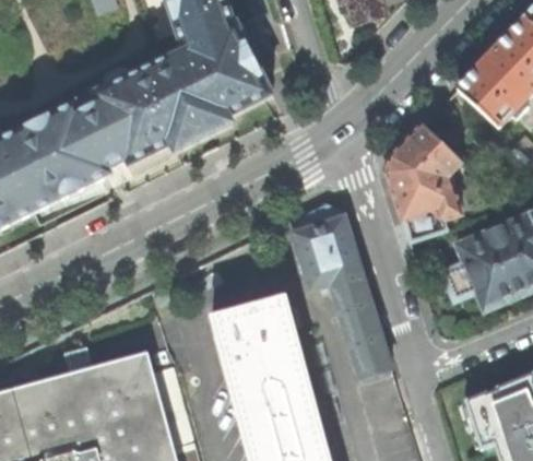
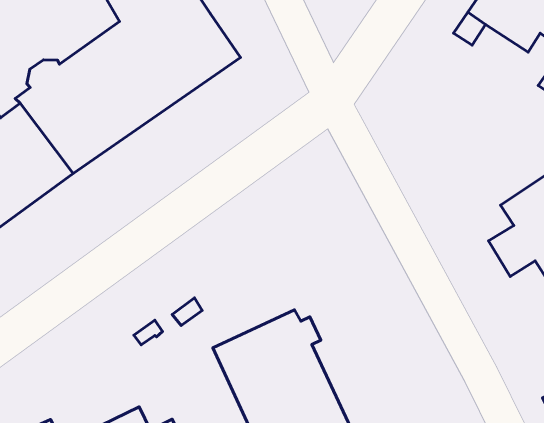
building: [389,125,463,241] -> none
building: [289,202,392,382] -> none

